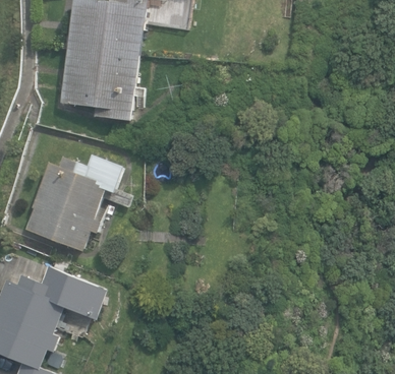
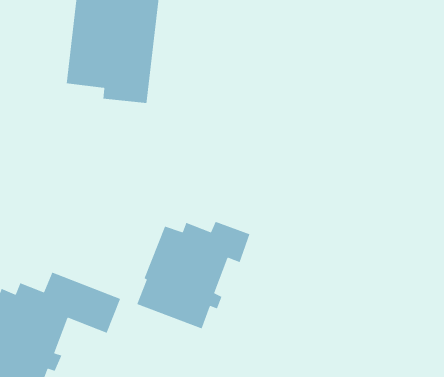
building: [25,158,124,251] -> [136,221,251,329]

